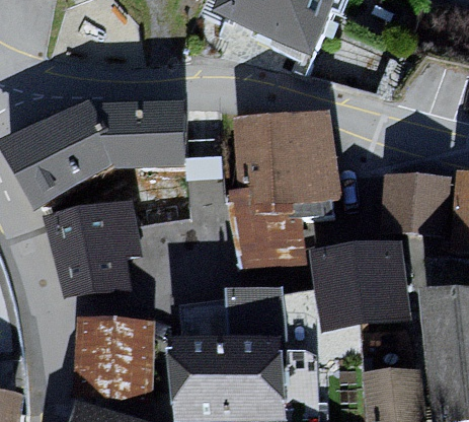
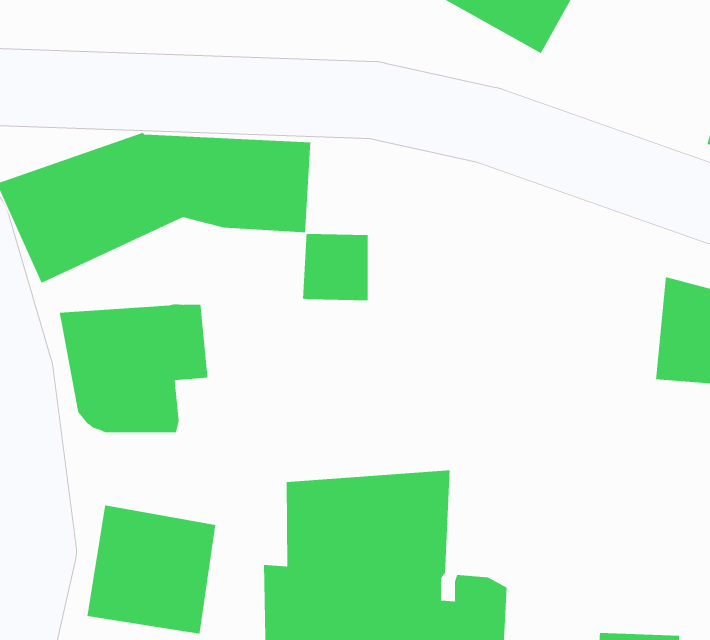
building: [231,128,333,262] -> none
building: [321,249,402,313] -> none

